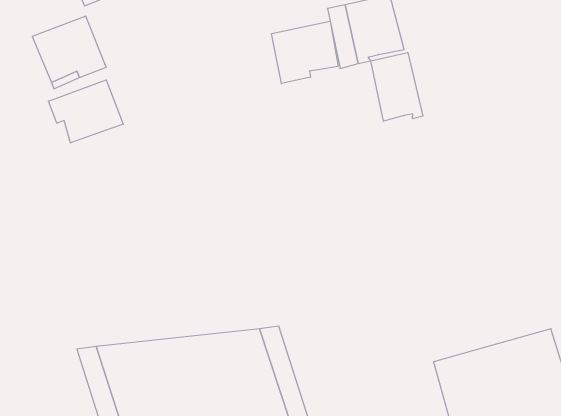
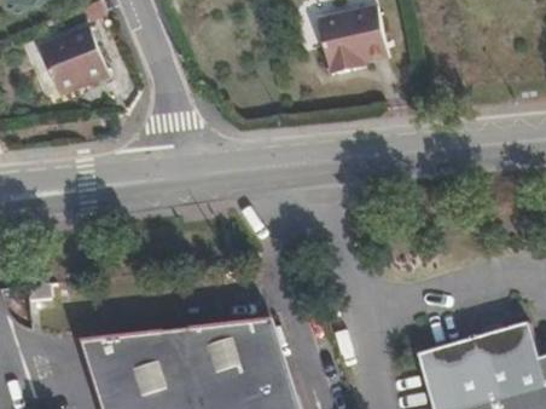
building: [272,21,338,84] -> none
building: [371,52,423,121] -> none
building: [48,80,123,143] -> none

